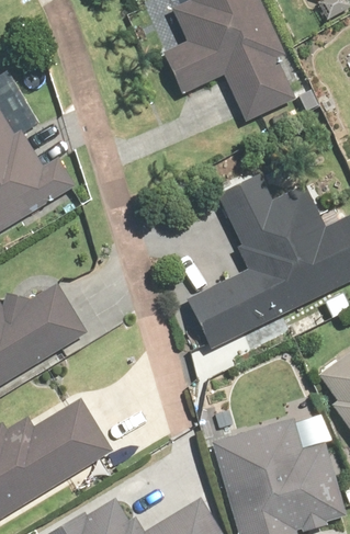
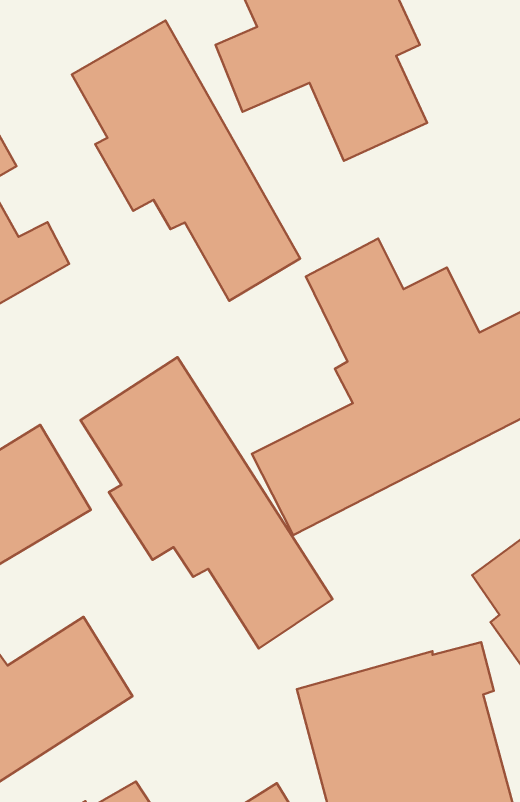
building: none -> [72,21,300,301]
building: none -> [81,357,332,648]

